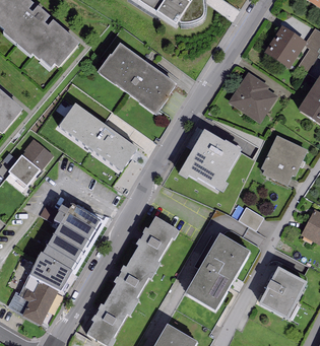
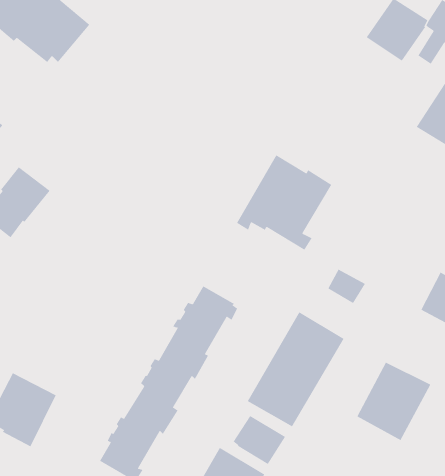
building: [97,43,178,114] -> none
building: [229,70,278,122] -> none
building: [57,101,139,172] -> none
building: [260,134,308,185] -> none
building: [28,205,100,291] -> none
building: none -> [233,415,286,465]

